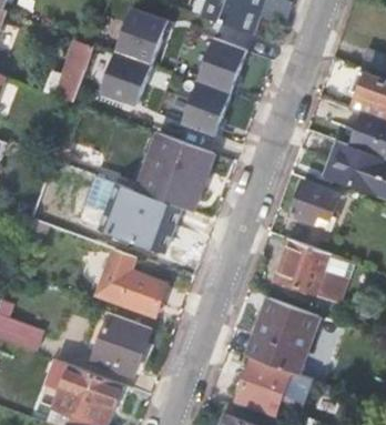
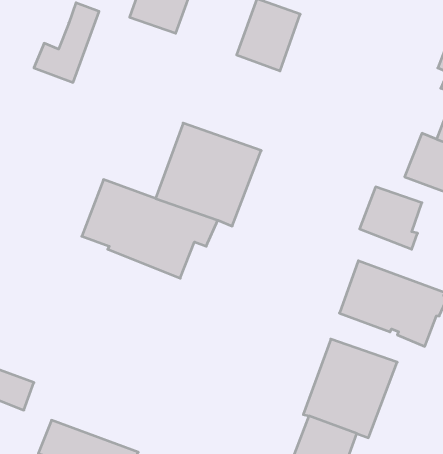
building: [100,52,151,105] -> none
building: [182,81,231,136] -> none
building: [95,249,165,315] -> none
building: [92,313,150,376] -> none

